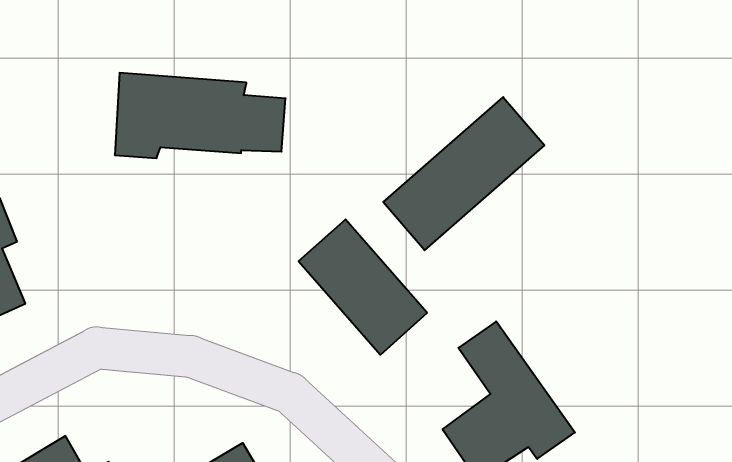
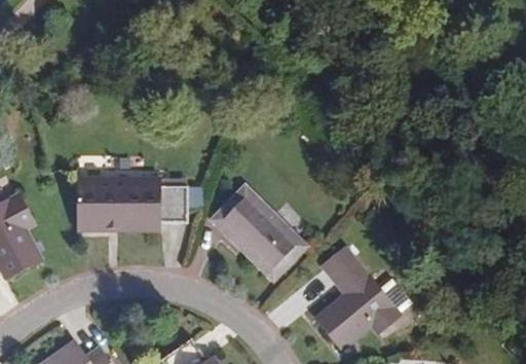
building: [115,73,286,158] -> [79,179,186,231]
building: [383,97,544,250] -> none

